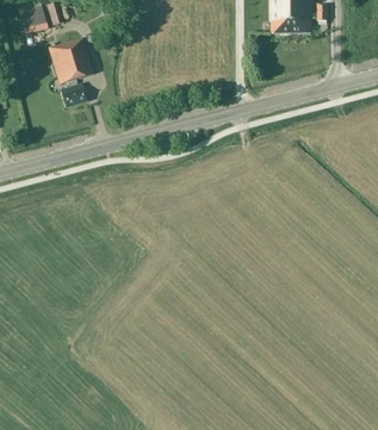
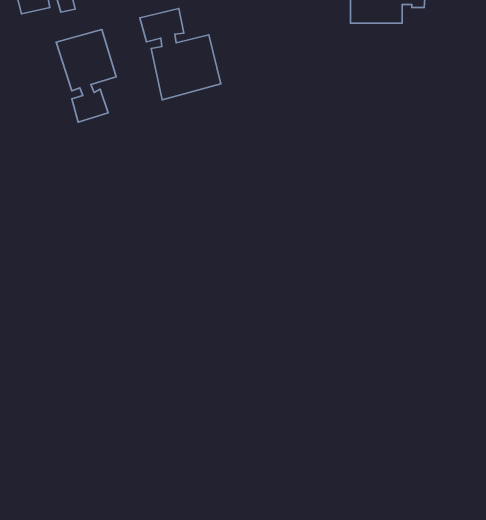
building: none -> [140,8,221,100]

